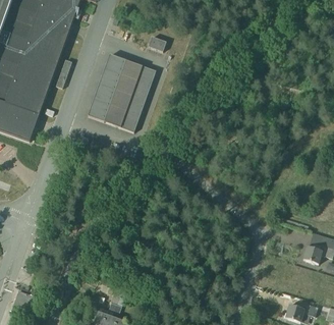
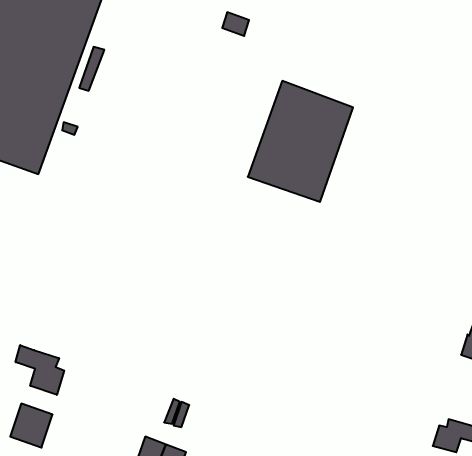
building: [88,53,156,131] -> [248,81,353,202]
building: none -> [16,345,64,395]

